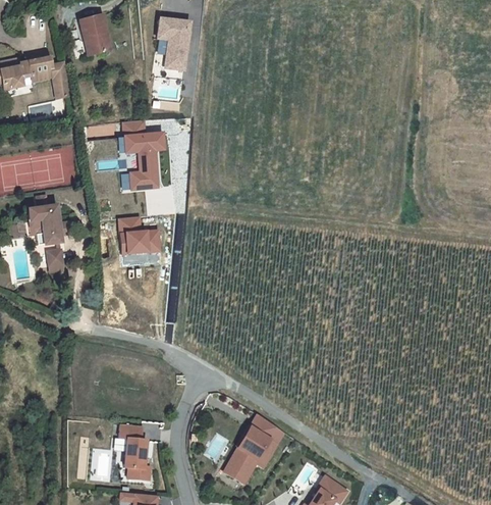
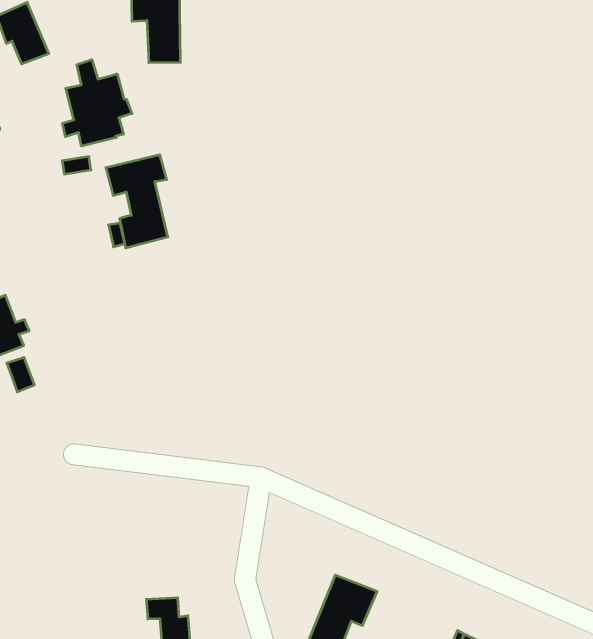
building: none -> [63,60,132,146]
building: [126,212,169,252] -> none
building: [245,416,280,446] -> none

